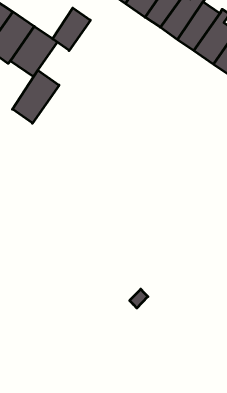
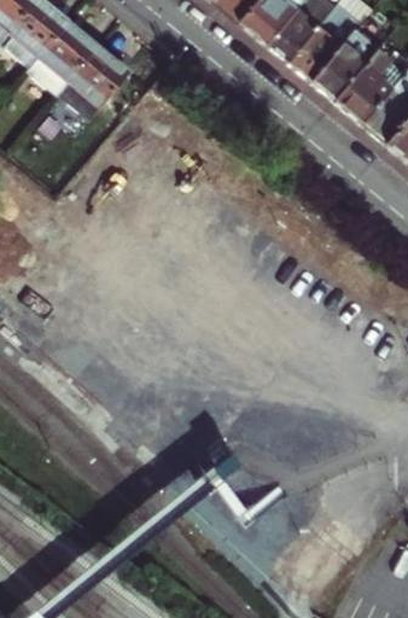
building: [53,8,90,51] -> none
building: [12,70,59,123] -> none

